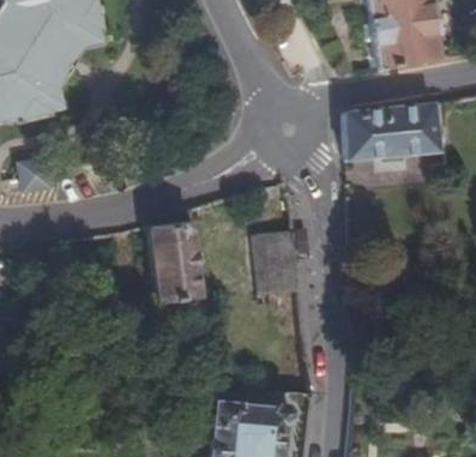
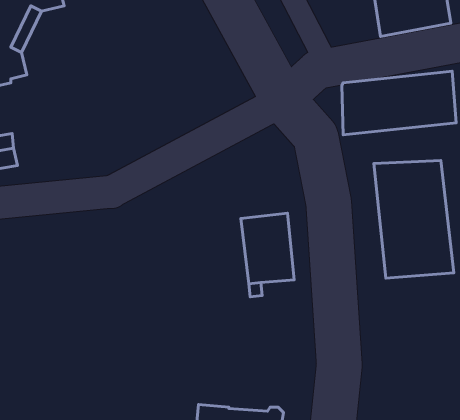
building: none -> [374,160,454,278]
building: [147,221,201,305] -> none

